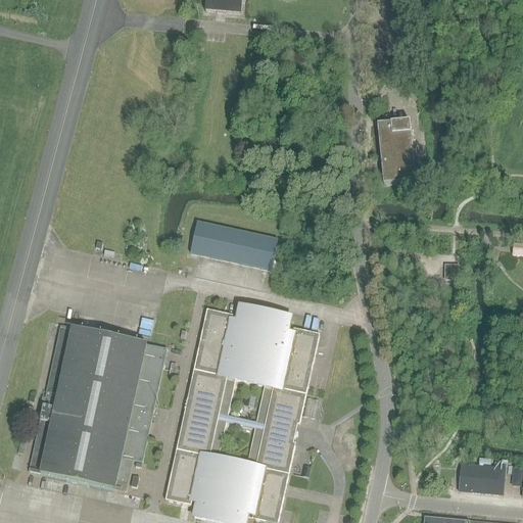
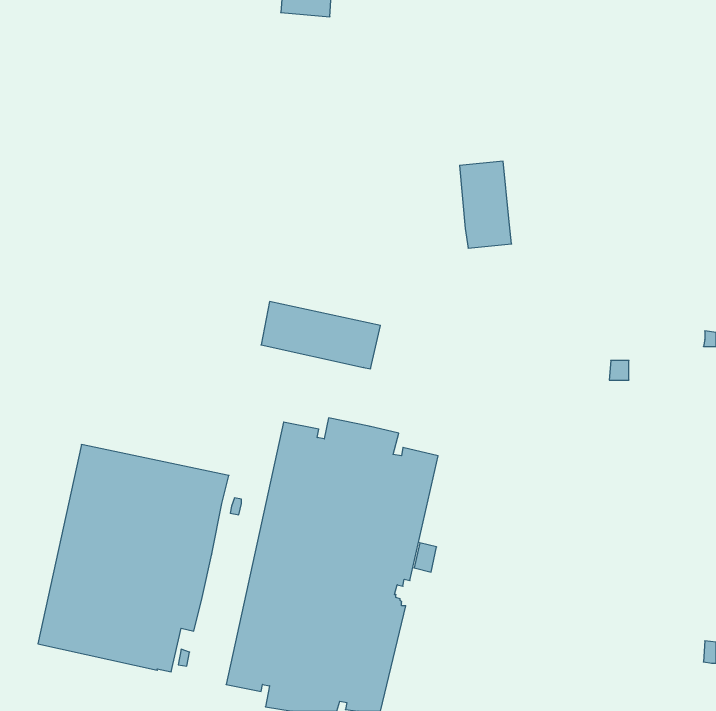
building: [377,118,415,182] -> [460,161,512,248]
building: [458,456,505,493] -> none

